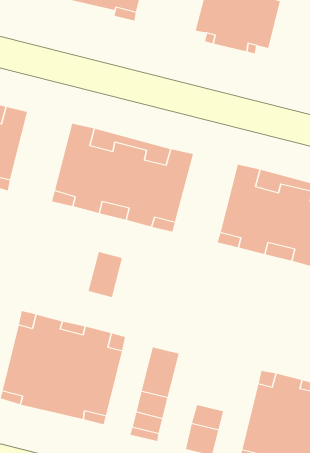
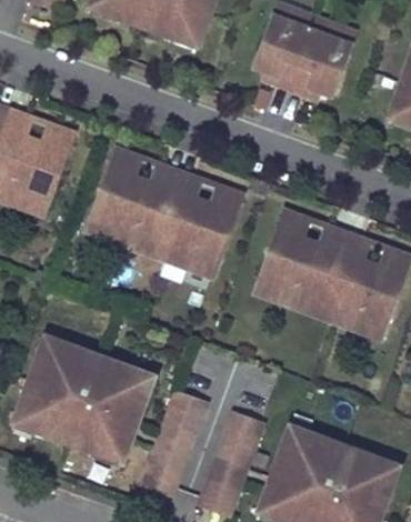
building: [88,251,123,298] -> none
building: none -> [218,411,262,466]

